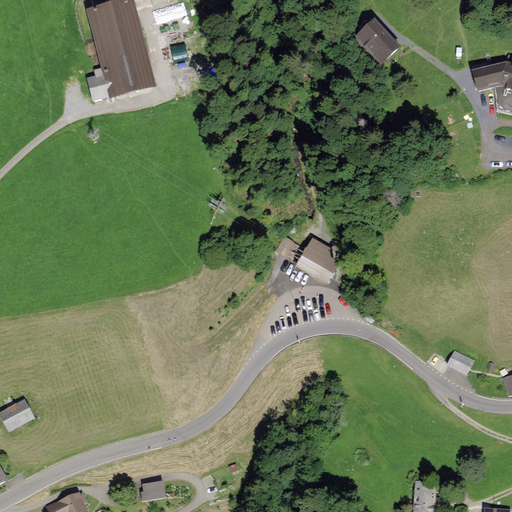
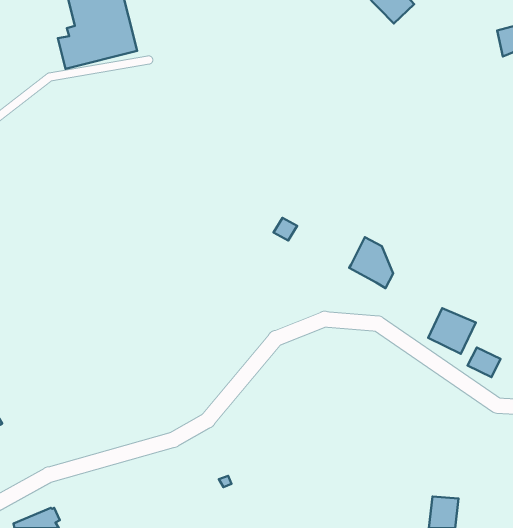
building: [296,237,335,282] -> [349,237,393,288]
building: none -> [428,308,476,354]
building: [139,480,165,499] -> none

